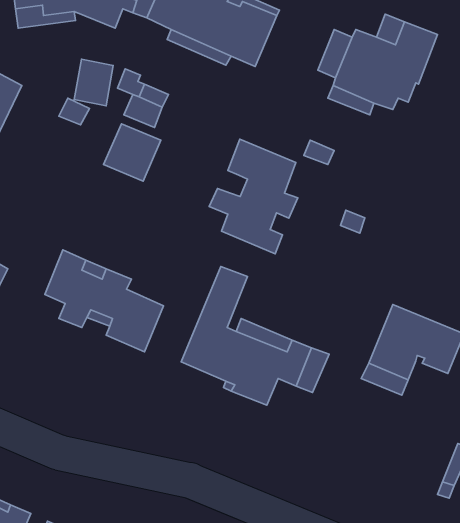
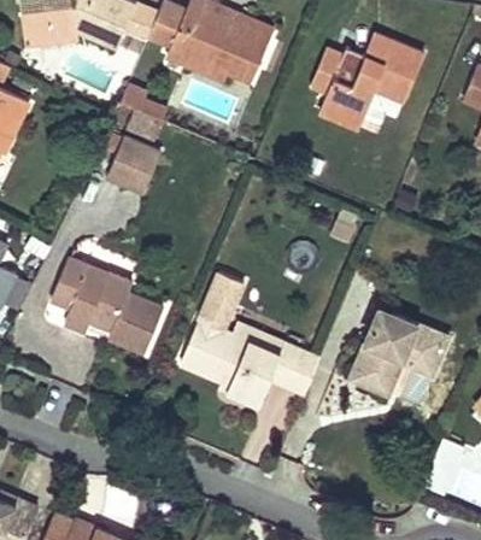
building: [74,59,113,106] -> none
building: [209,139,298,254] -> none

